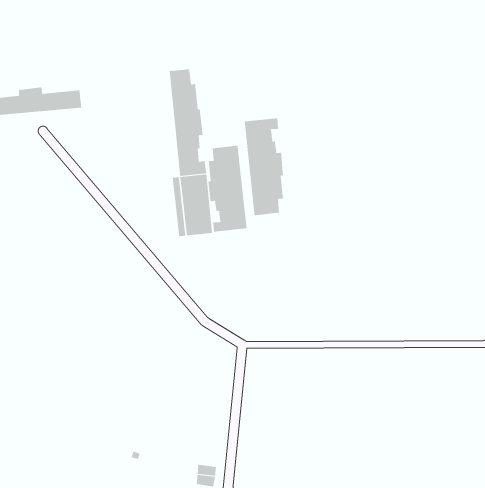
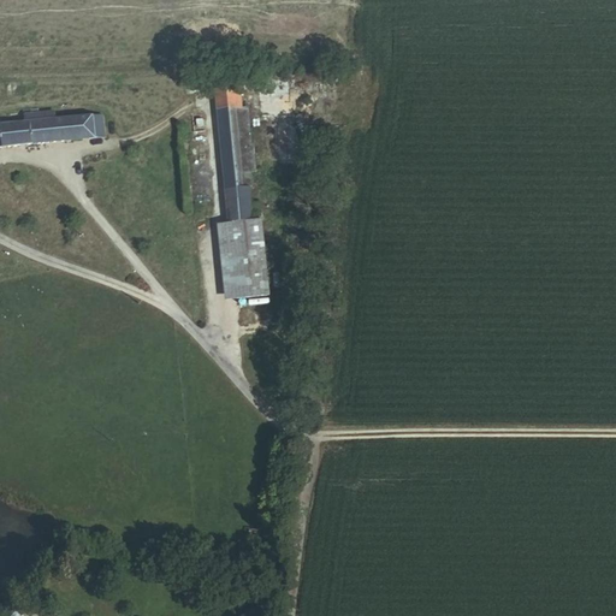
building: [244,117,284,216] -> none
building: [208,145,247,233] -> none

